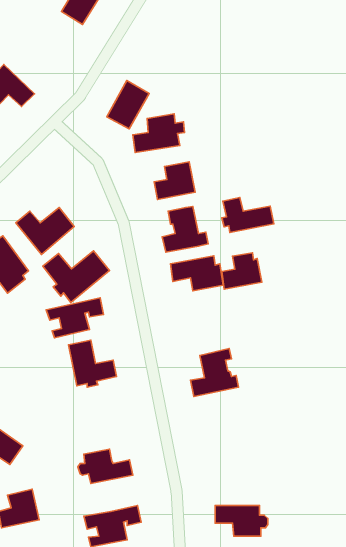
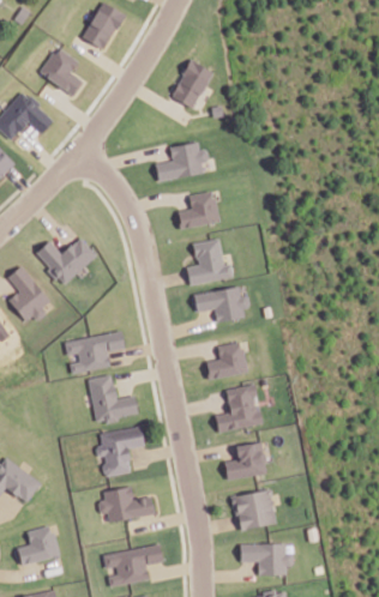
building: none -> [40,49,82,96]
building: [107,81,149,129] -> [169,61,212,110]
building: [222,198,274,233] -> none
building: [43,251,109,302] -> none
building: [222,253,262,289] -> [205,342,246,379]
building: none -> [97,424,146,476]
building: none -> [224,441,264,478]
building: none -> [229,489,275,530]

